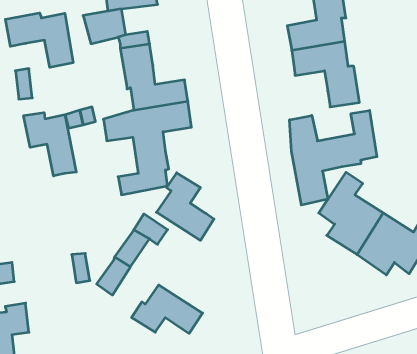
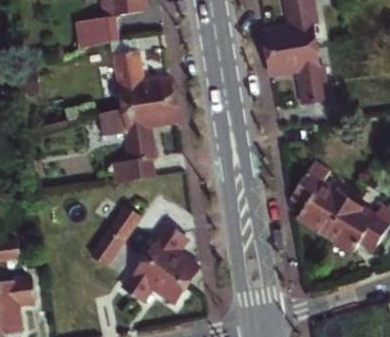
building: [5,13,73,67] -> none
building: [290,110,377,205] -> none
building: [24,113,76,176] -> none
building: [156,173,214,240] -> [148,225,199,285]

